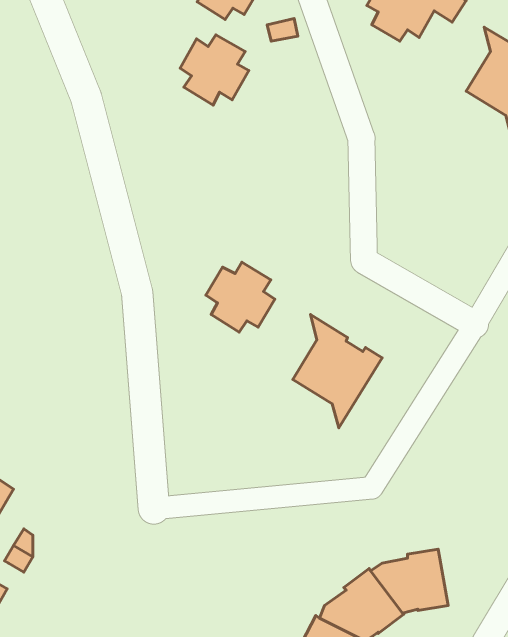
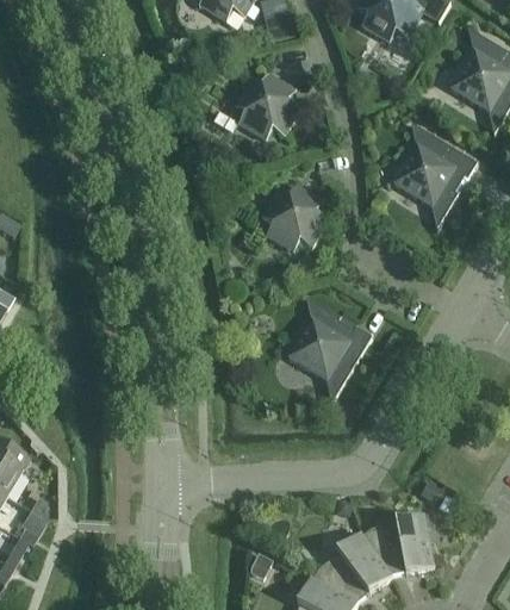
building: [180,35,249,105] -> [235,74,299,139]
building: none -> [393,122,477,228]
building: [206,262,275,332] -> [262,185,326,250]

